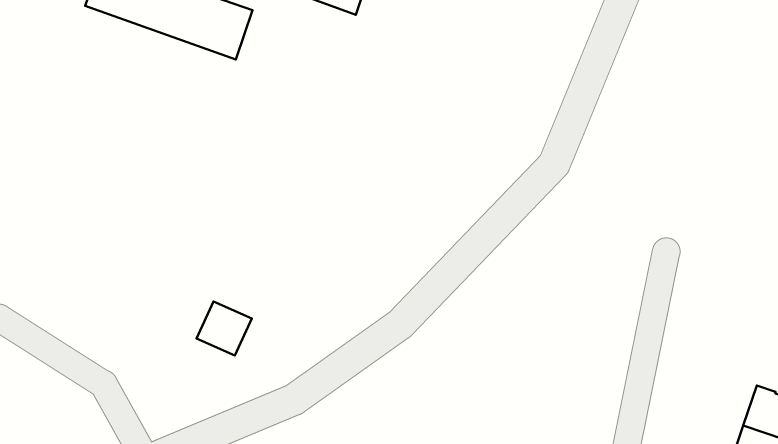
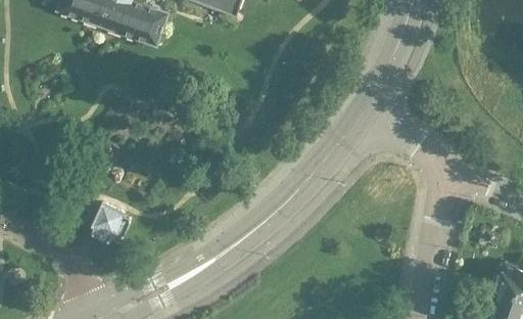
building: [197,301,252,355] -> [91,201,128,237]

